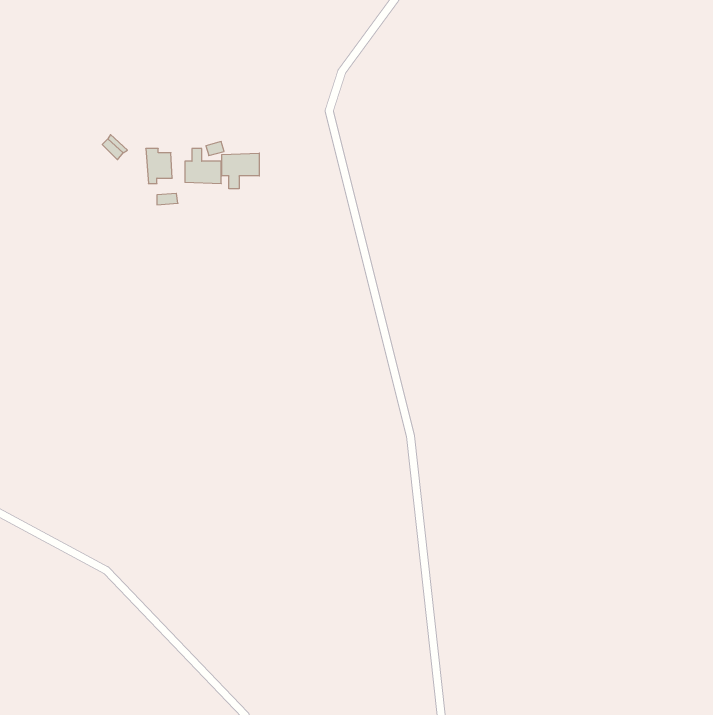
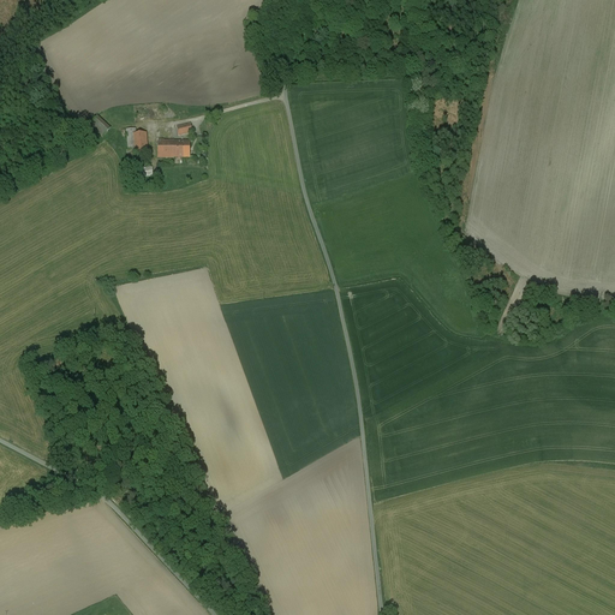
building: [222,153,259,189] -> none

